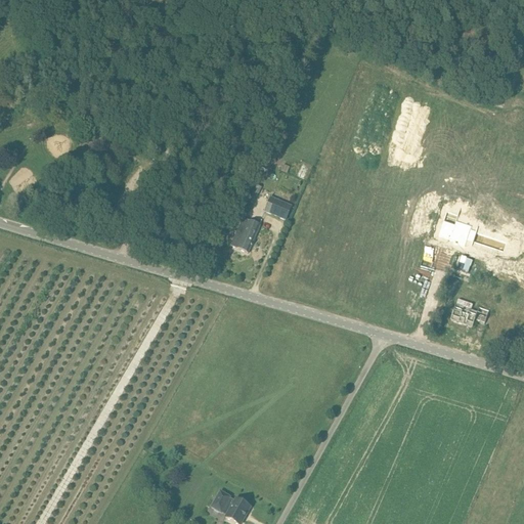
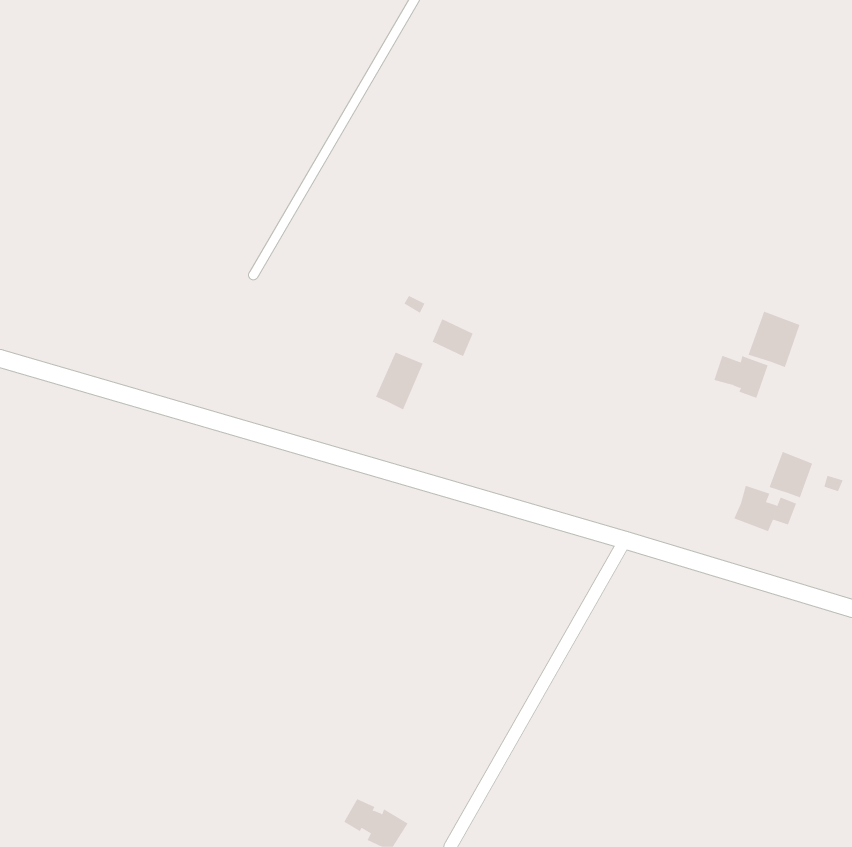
building: none -> [748,311,800,368]
building: none -> [769,451,813,498]

